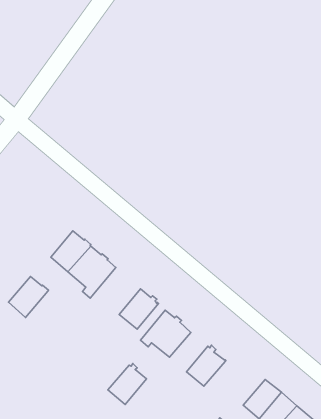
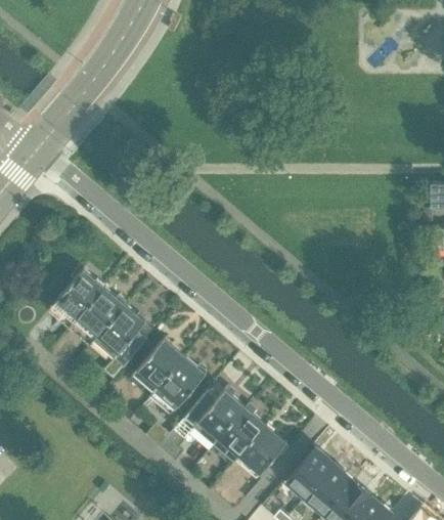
building: none -> [138,341,184,390]
building: [8,277,49,318] -> [56,272,104,321]
building: [108,363,146,404] -> [219,409,265,459]
building: none -> [287,450,334,499]

